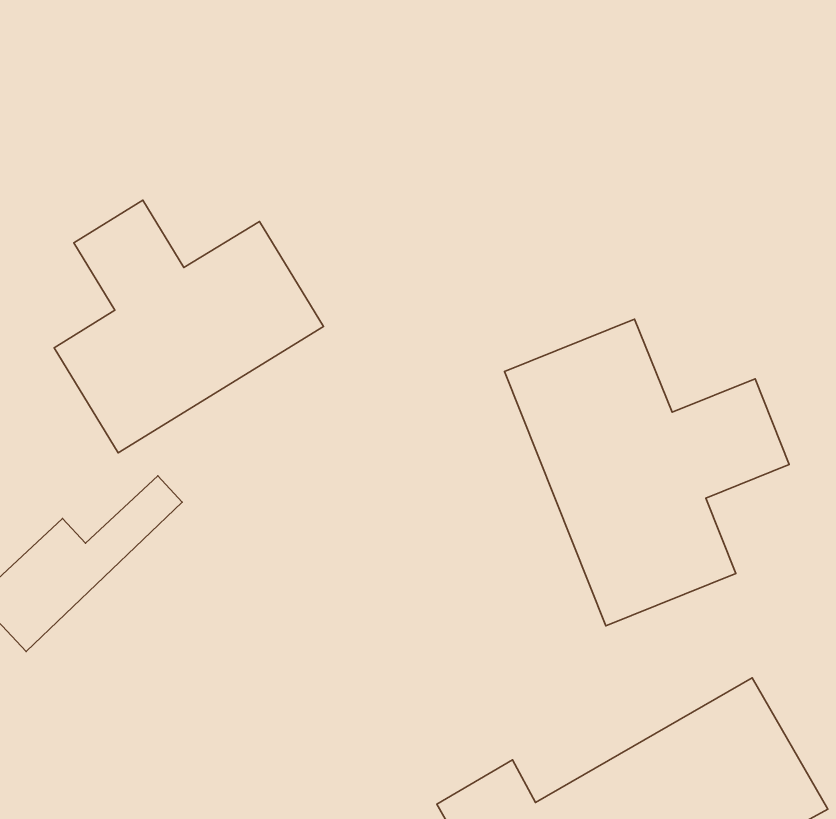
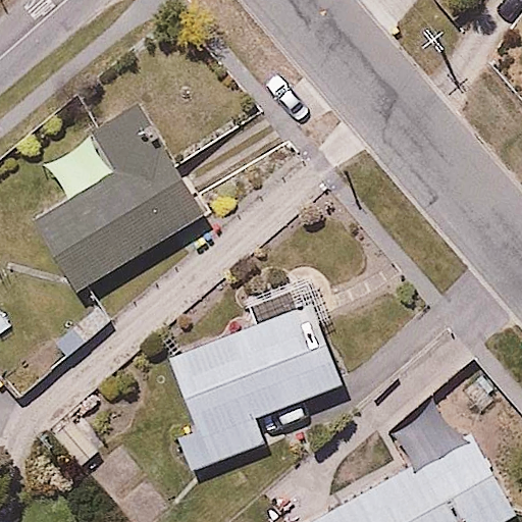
building: [505,319,789,626] -> none
building: none -> [170,289,343,484]

